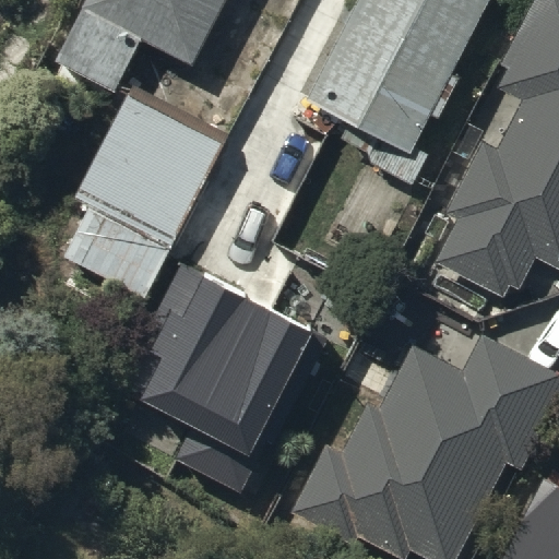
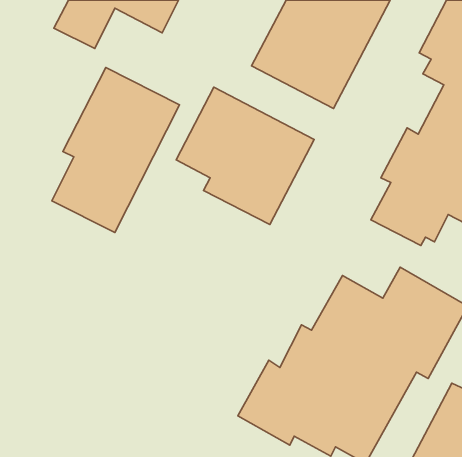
building: none -> [176,87,314,224]
building: [142,278,312,497] -> none

